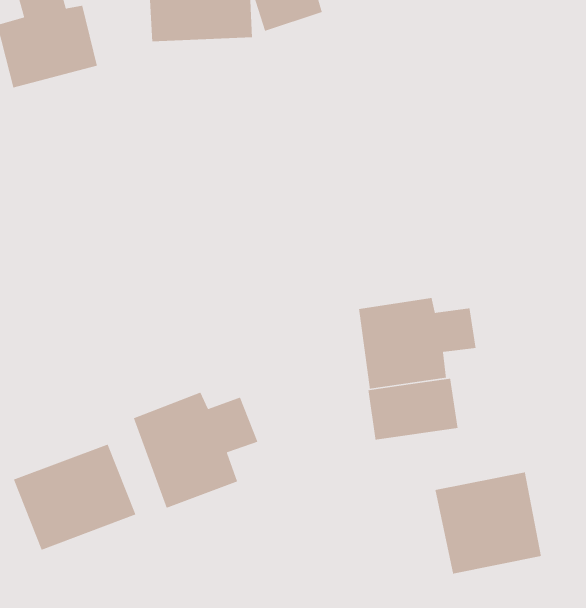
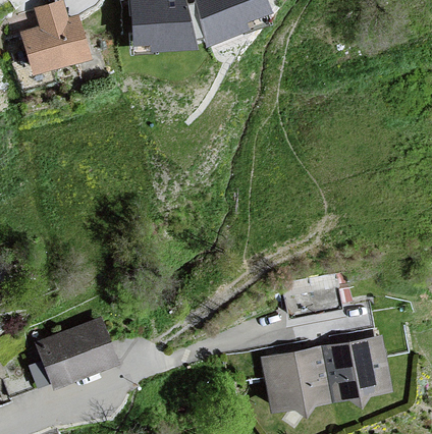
building: [358,297,477,389] -> none
building: [133,392,258,509] -> none
building: none -> [260,348,334,421]

